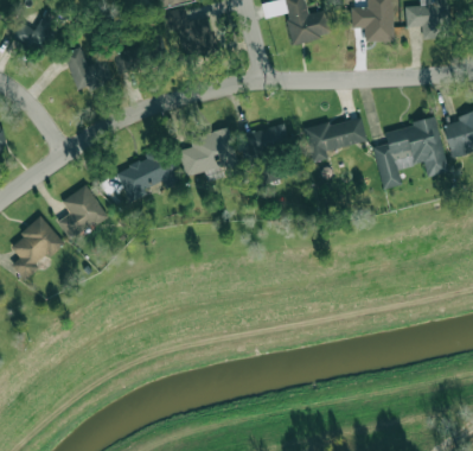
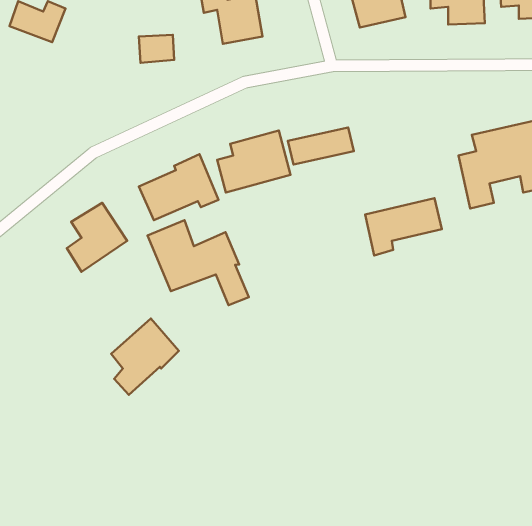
building: [63,46,113,91] -> none
building: [305,116,366,163] -> [365,198,442,256]
building: none -> [148,220,249,305]
building: [9,217,64,279] -> [111,318,179,395]

